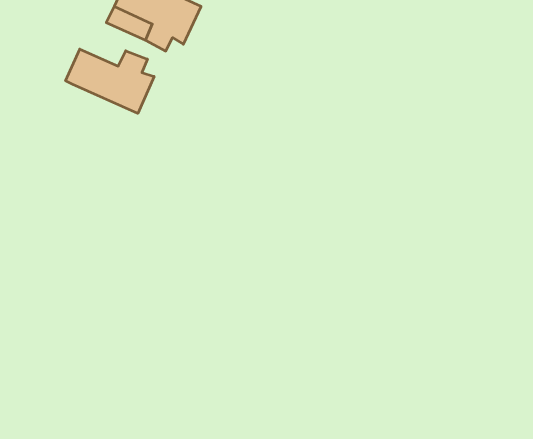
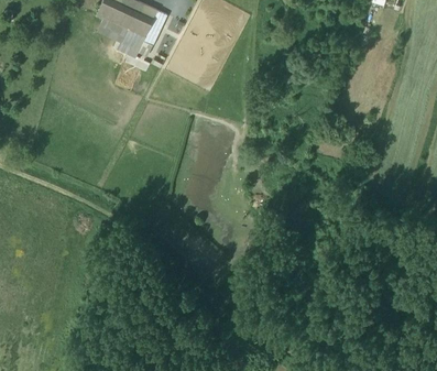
building: [66,49,154,113] -> none

